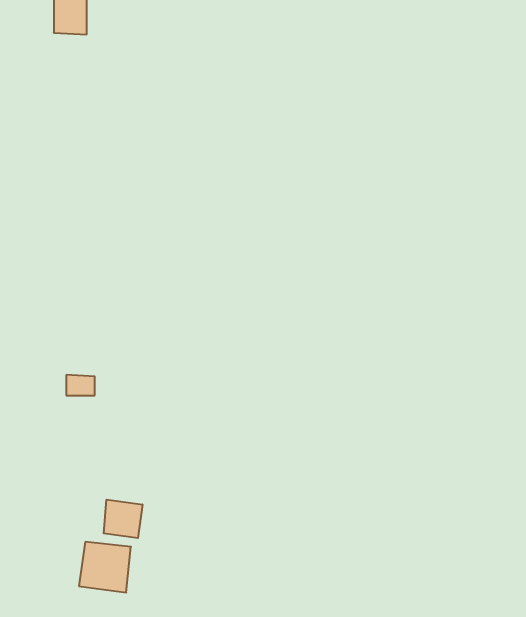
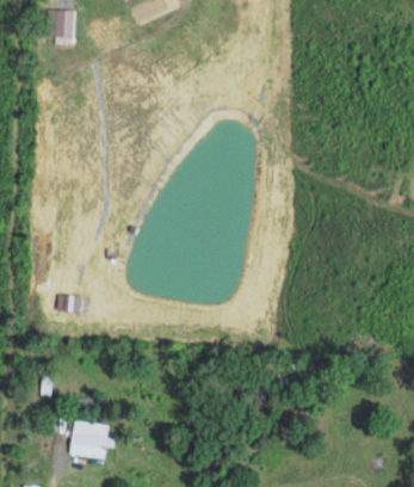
building: [104,500,142,538] -> none

